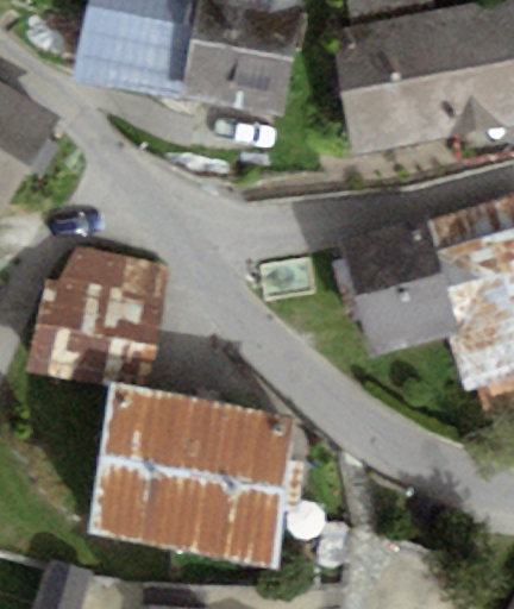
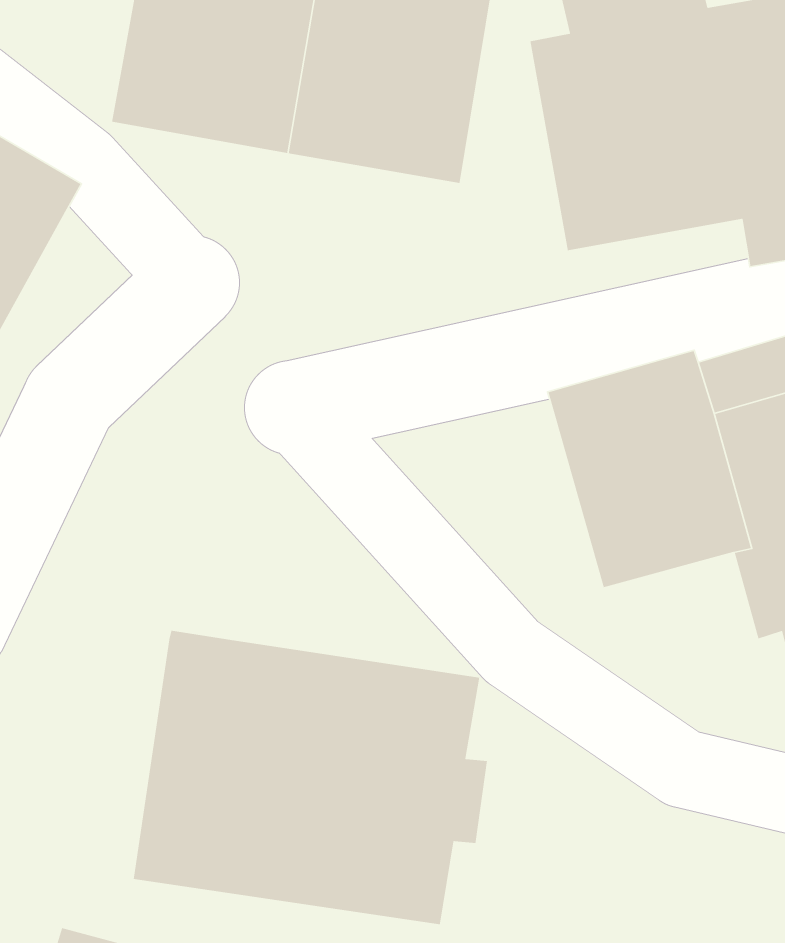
building: [27,245,164,388] -> none

